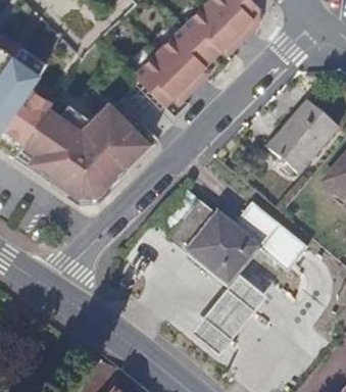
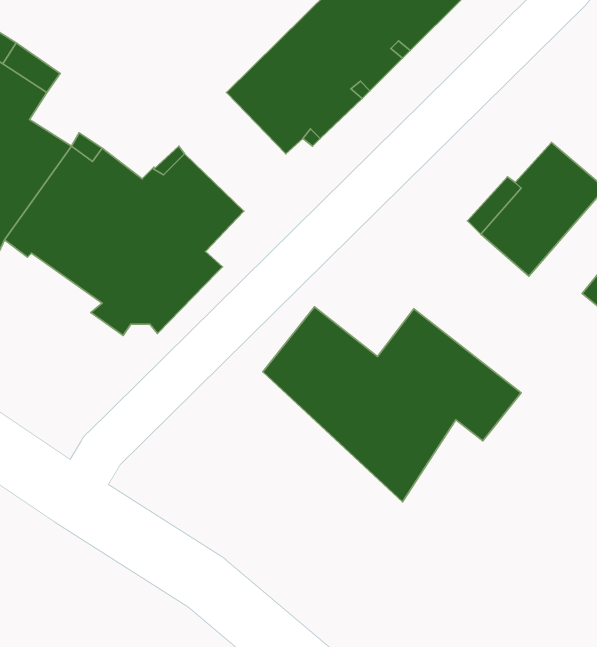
building: [199,275,269,351] -> none

